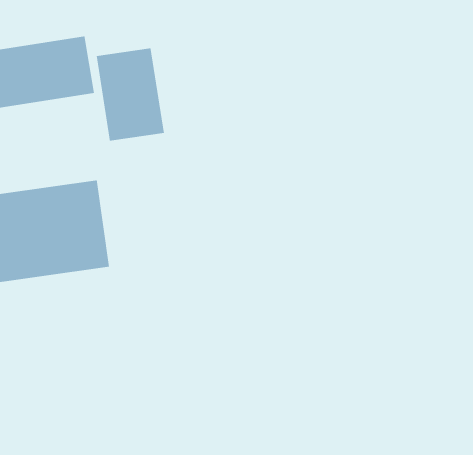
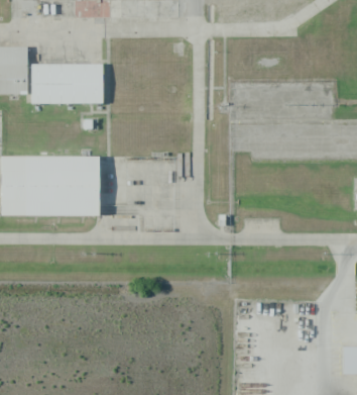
building: [96,47,164,142] -> none

